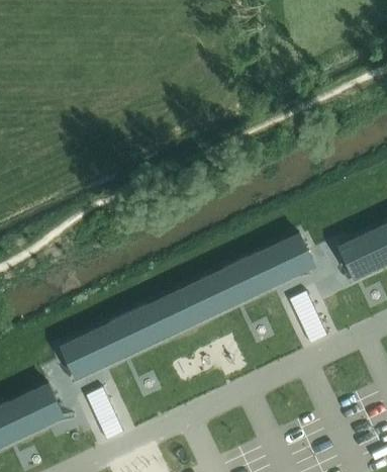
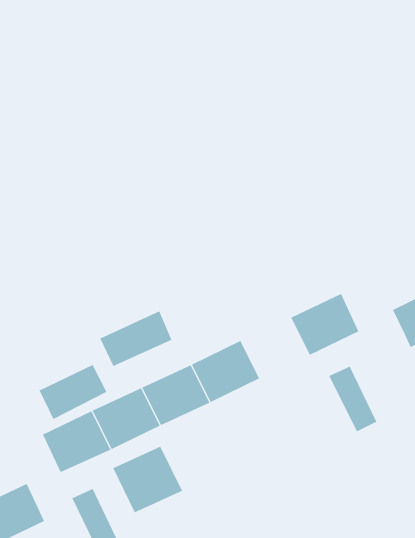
building: none -> [99,310,172,367]
building: [218,255,273,303] -> none
building: none -> [39,364,107,420]
building: none -> [113,446,183,513]

